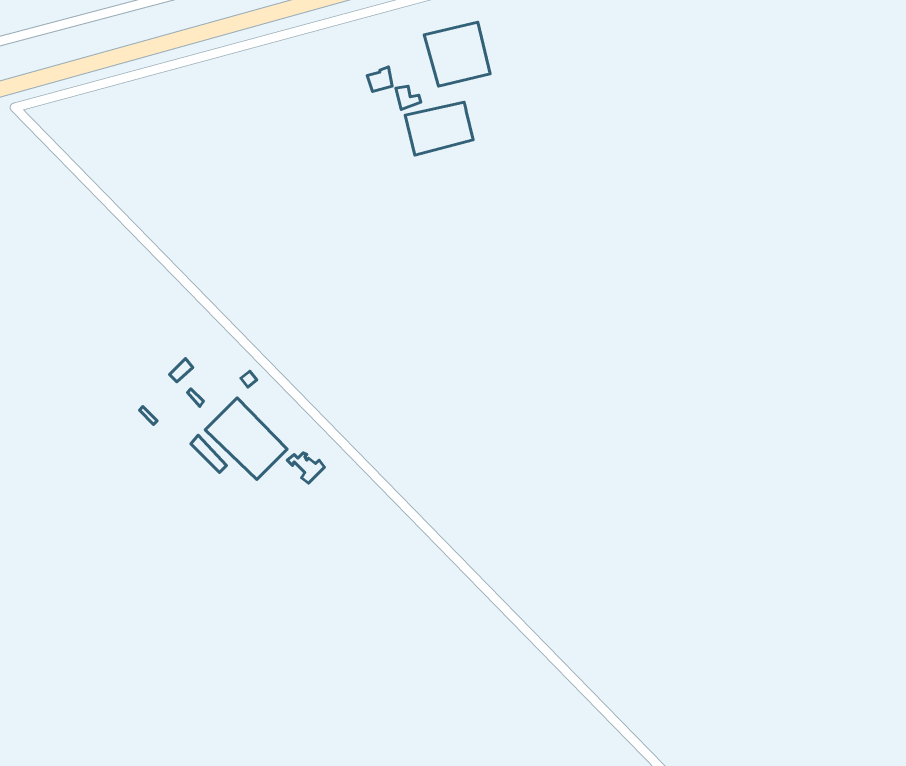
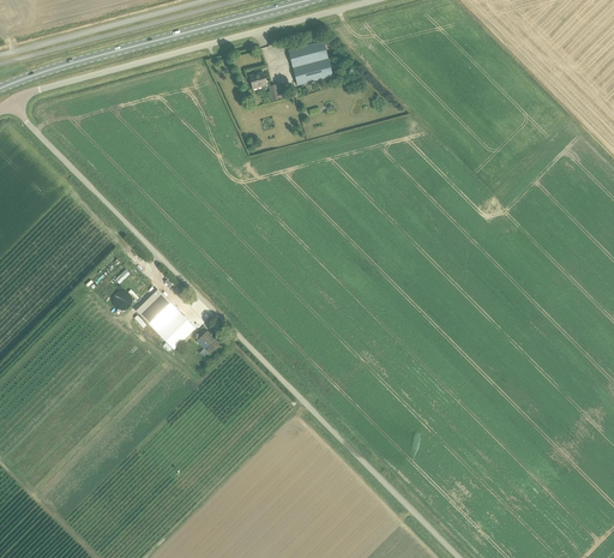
building: [405,102,473,155] -> none

